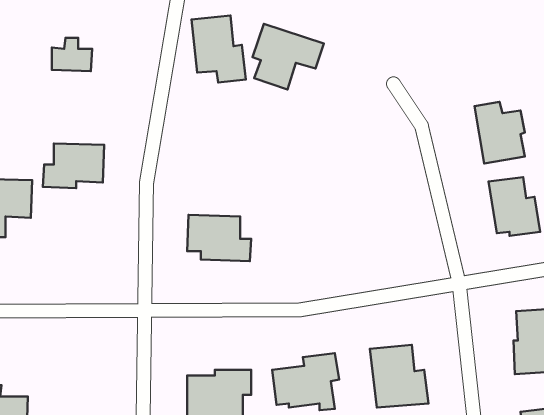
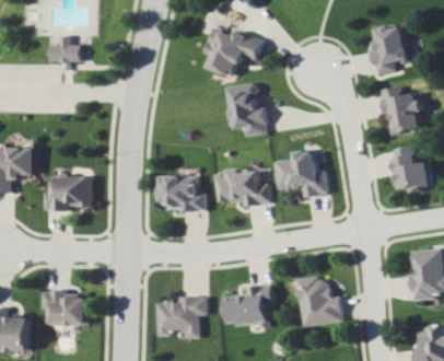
building: [192,15,246,82] -> [224,83,267,136]
building: none -> [371,25,407,74]
building: [43,144,104,188] -> [43,176,91,211]
building: none -> [274,150,328,197]
building: none -> [214,167,270,206]
building: none -> [42,291,86,325]

